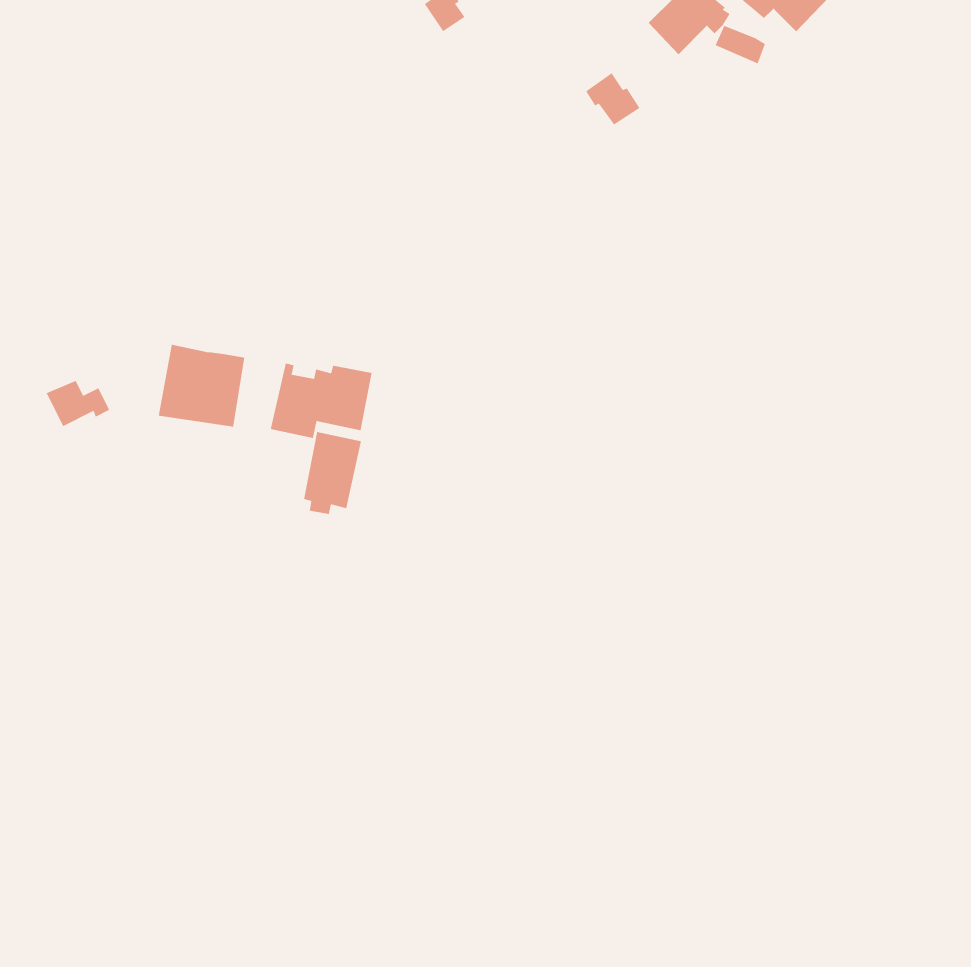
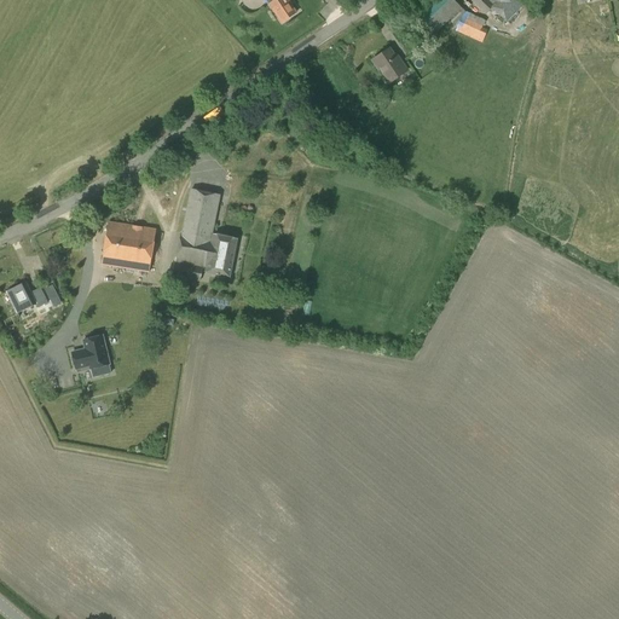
building: [46,380,110,427] -> [6,280,47,311]
building: [303,431,362,515] -> [183,187,220,241]
building: none -> [71,334,109,368]

